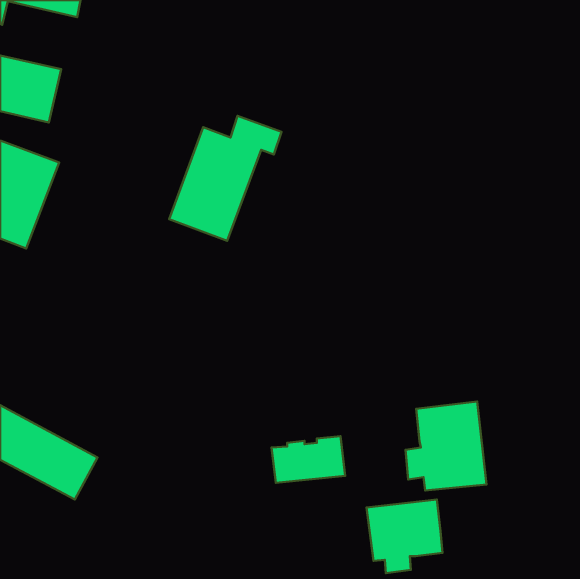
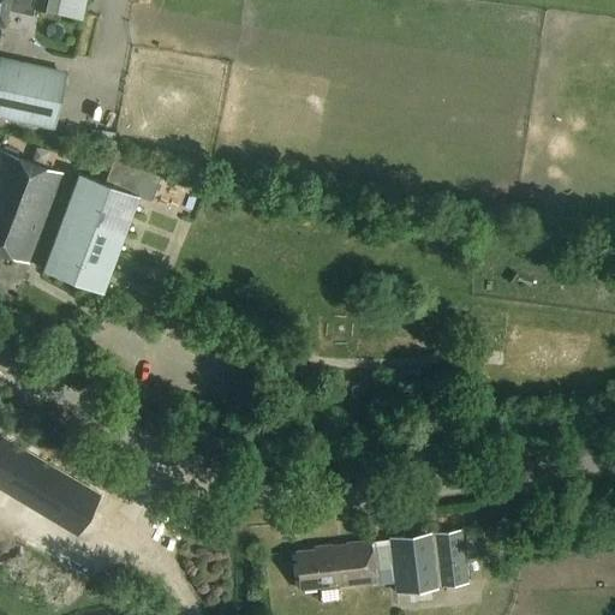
building: [169,116,282,241] -> [41,161,160,293]
building: [405,402,487,491] -> none
building: [271,436,345,483] -> [295,543,374,592]

